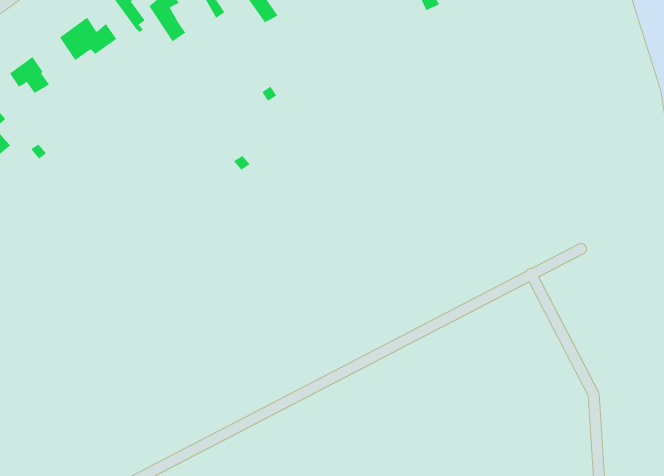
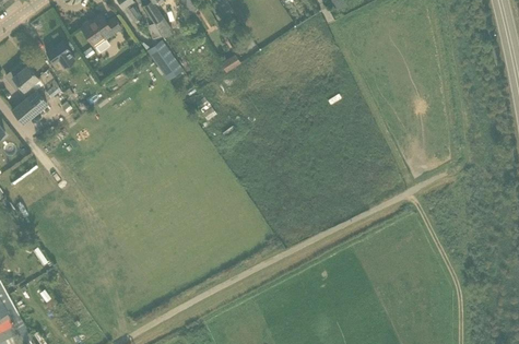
building: none -> [146,40,182,81]

